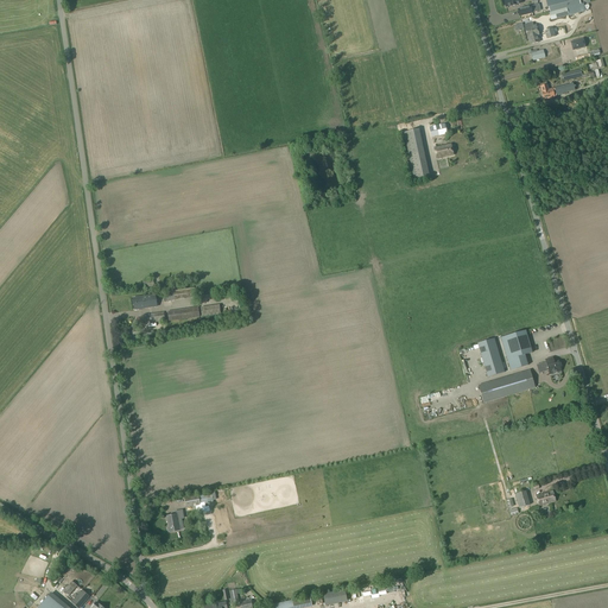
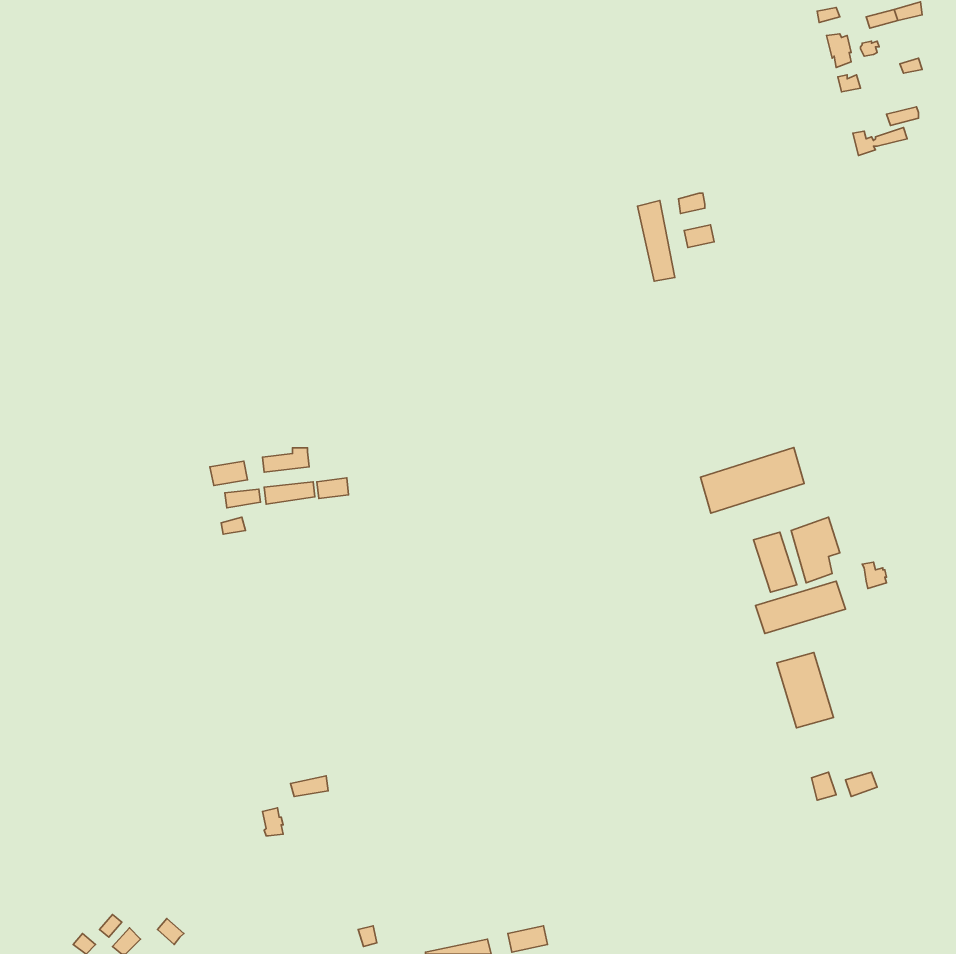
building: none -> [700,448,804,513]
building: none -> [777,652,833,728]

